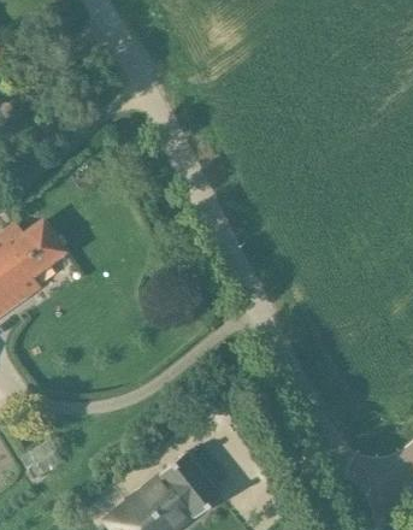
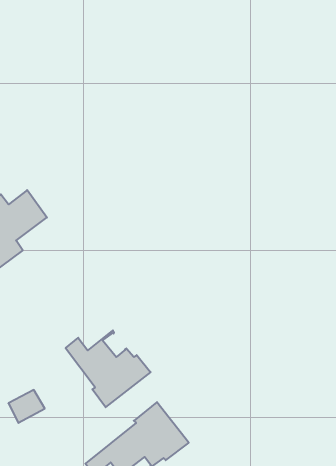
building: none -> [66,330,151,407]

